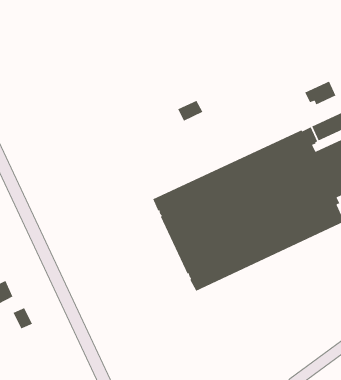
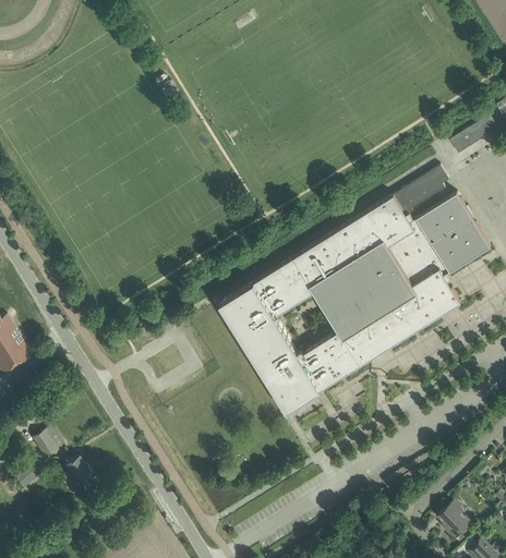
building: [304,80,337,105] -> none
building: [177,100,204,122] -> none

